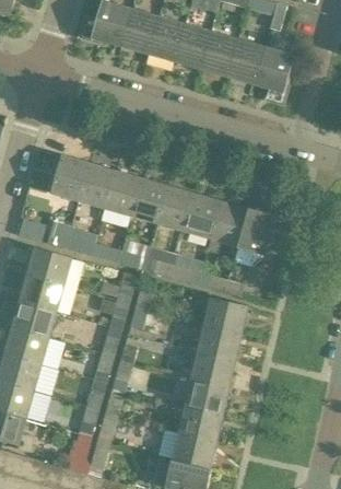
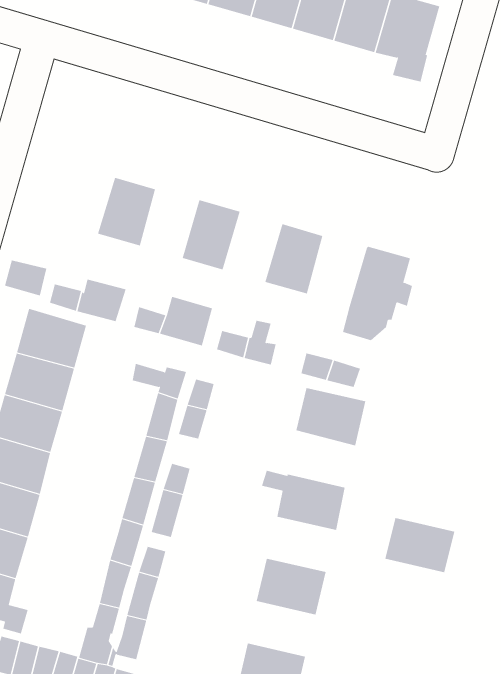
building: [50,155,87,199] -> none
building: [104,171,141,214] -> none
building: [156,185,193,230] -> none
building: [210,200,247,245] -> none
building: [197,324,240,360] -> none
building: [184,379,228,414] -> [385,518,455,573]
building: [172,432,215,467] -> none

